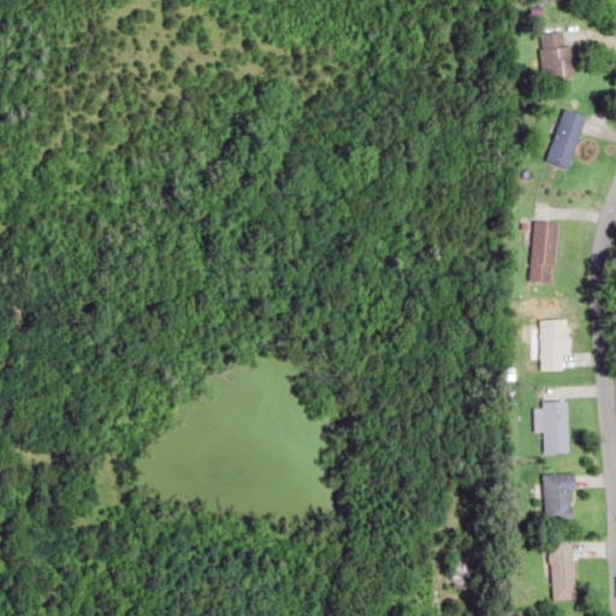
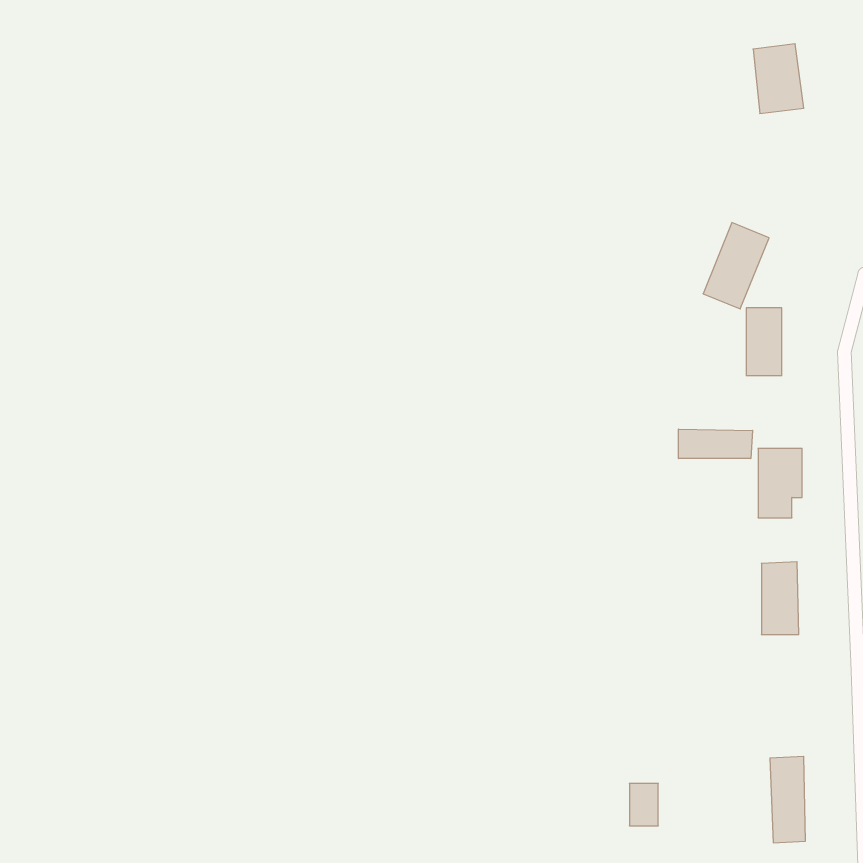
building: [540,107,587,168] -> [703,223,769,309]
building: none -> [679,429,753,459]
building: [541,474,574,522] -> none

